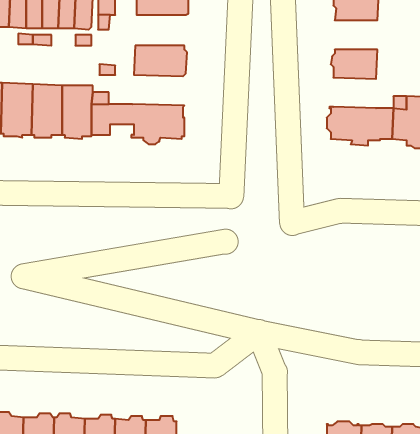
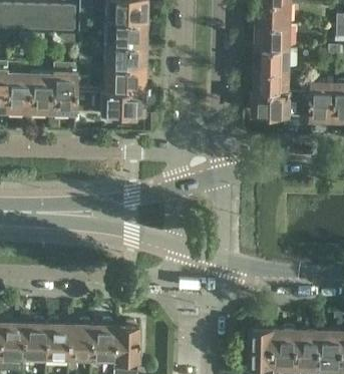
building: none -> [106,21,145,44]
building: none -> [255,25,289,47]
building: none -> [104,66,144,89]
building: none -> [254,68,288,91]

